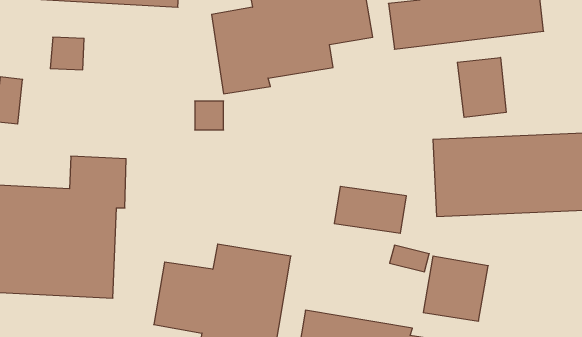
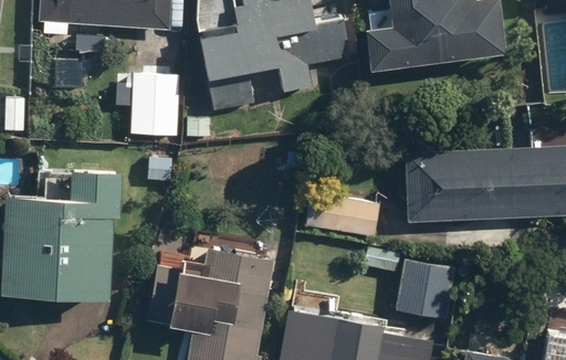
building: none -> [130,74,180,137]
building: [457,57,506,117] -> none

